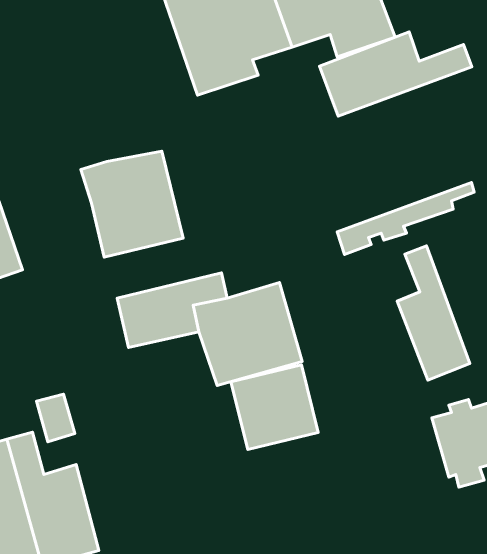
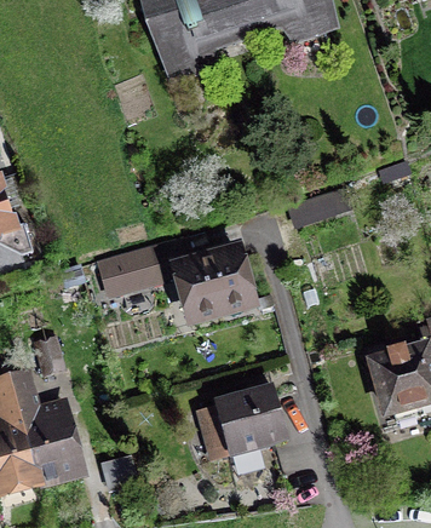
building: [319,32,472,116] -> none
building: [81,151,183,257] -> none
building: [397,246,470,380] -> none
building: [231,365,318,449] -> [214,390,289,463]

